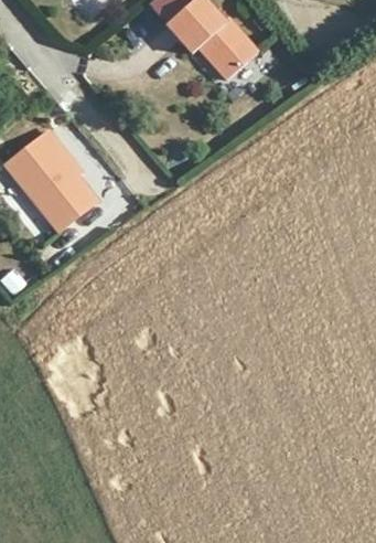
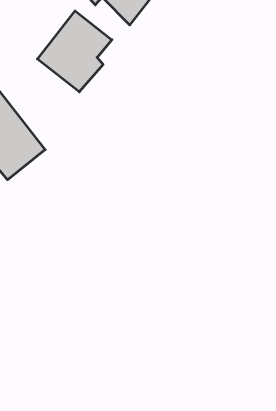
building: none -> [37,11,112,92]

